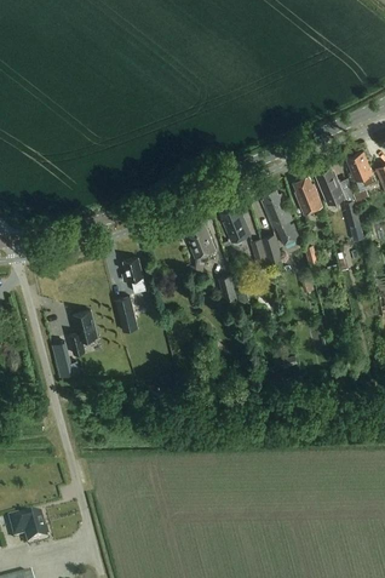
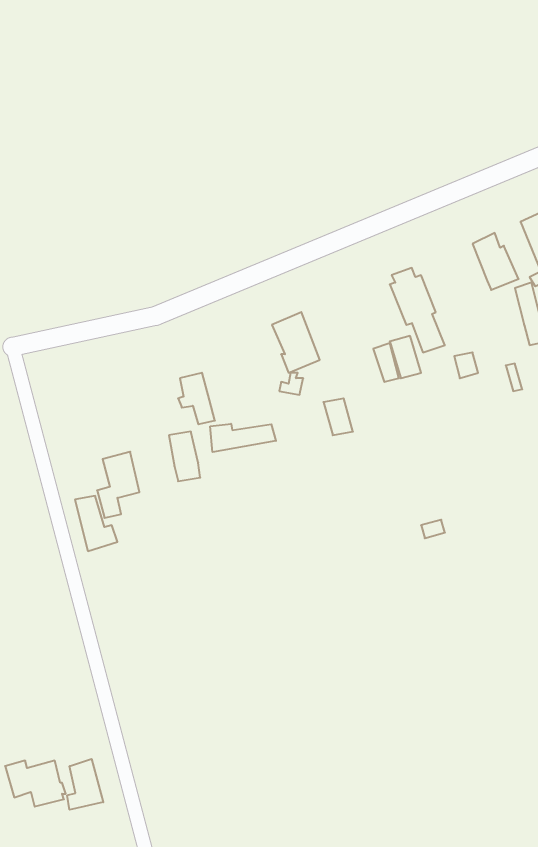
building: [293,177,323,216] -> none
building: [220,207,249,242] -> none
building: none -> [210,424,276,452]
building: none -> [67,759,103,810]

